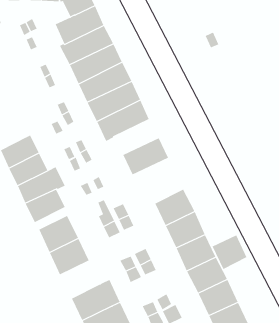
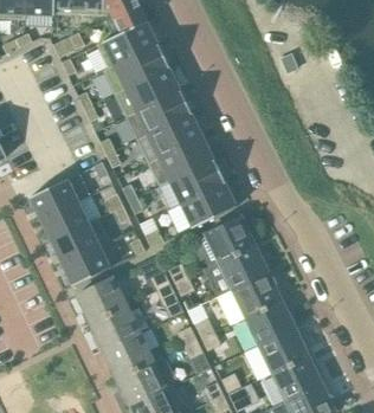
building: none -> [168,160,224,204]
building: none -> [204,217,253,263]
building: [212,234,247,270] -> none
building: none -> [102,333,151,379]

